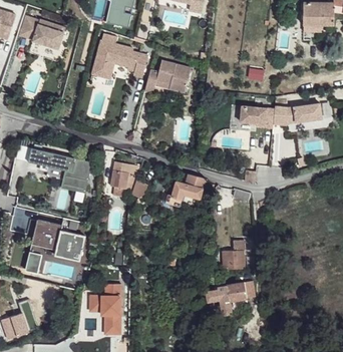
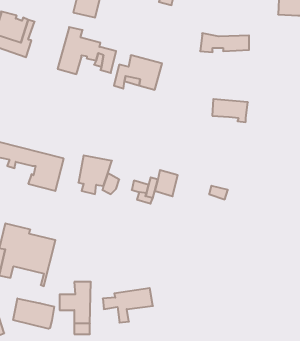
building: [270,105,317,123] -> [200,33,249,52]
building: [210,239,245,266] -> none
building: [208,279,256,312] -> [103,288,153,323]
building: none -> [13,298,54,329]

